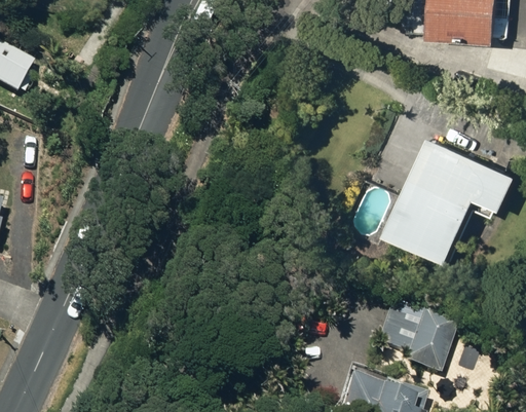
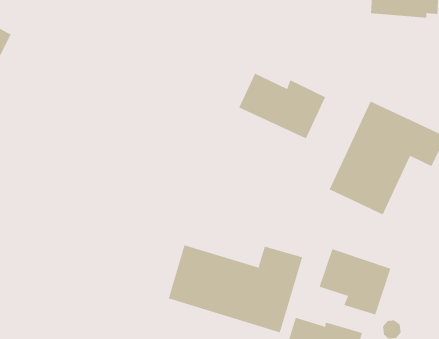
building: none -> [239,73,326,139]
building: none -> [168,245,303,333]

